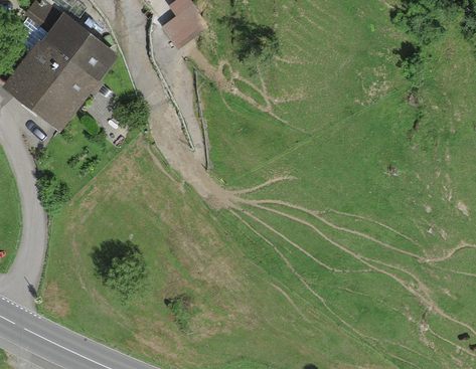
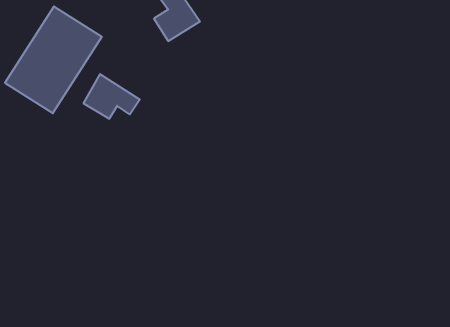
building: none -> [84,74,140,119]

